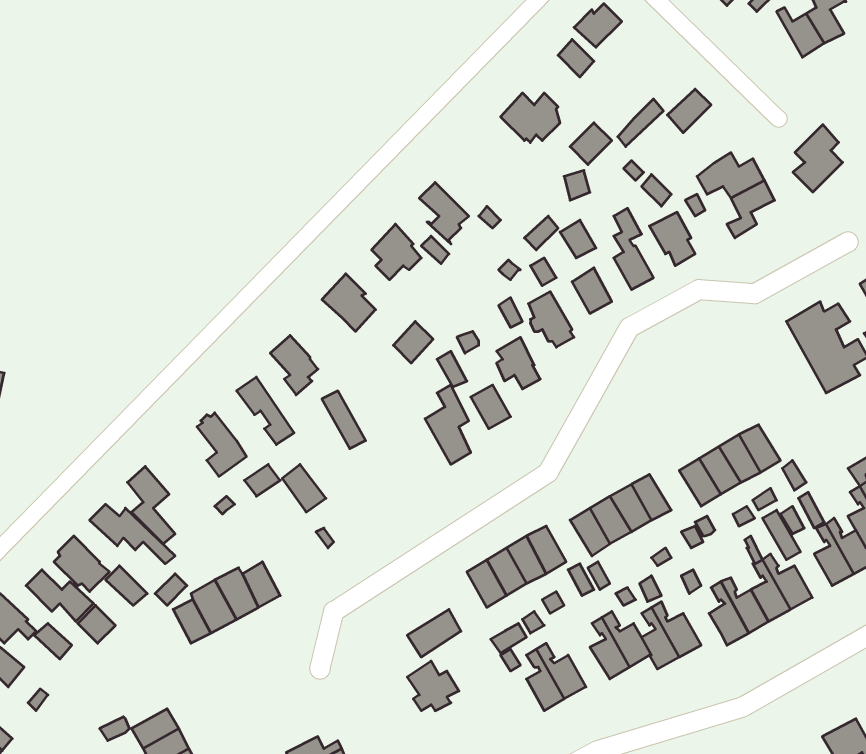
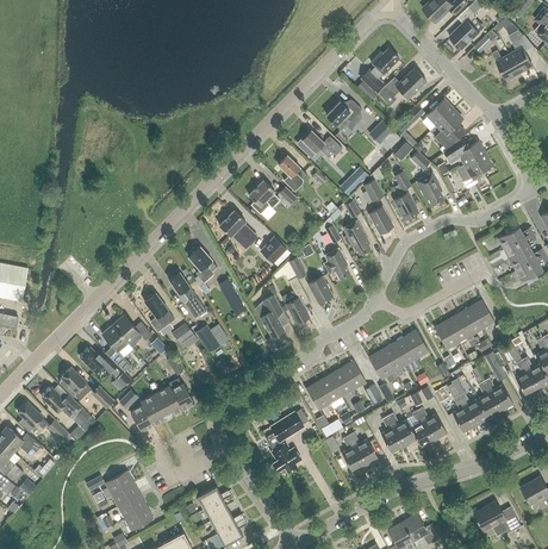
building: none -> [384,68,426,99]
building: [793,125,843,192] -> [435,108,465,149]
building: none -> [295,130,342,157]
building: none -> [261,294,284,337]
building: none -> [113,316,151,348]

